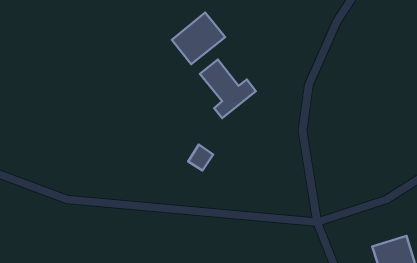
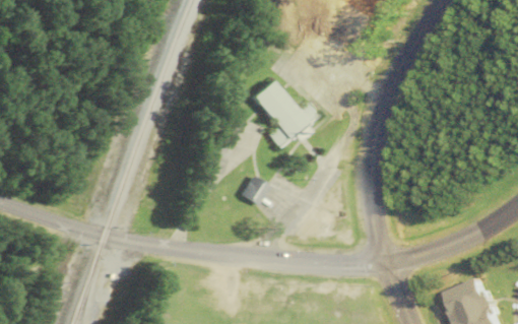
building: [172,13,225,64] -> none

